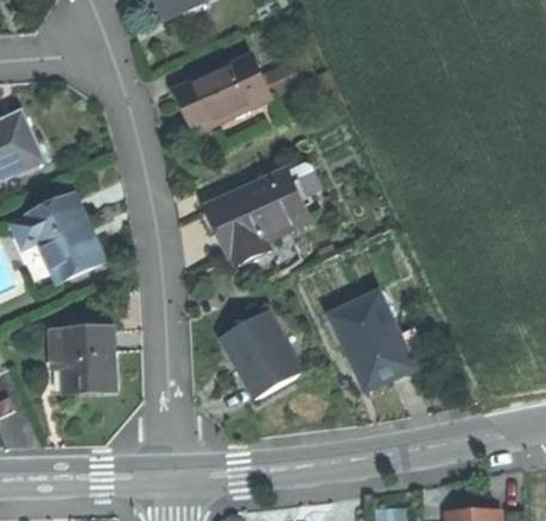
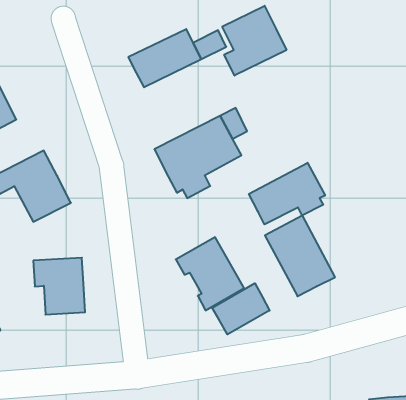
building: none -> [222,6,286,76]
building: none -> [249,163,325,224]
building: none -> [212,283,270,334]

